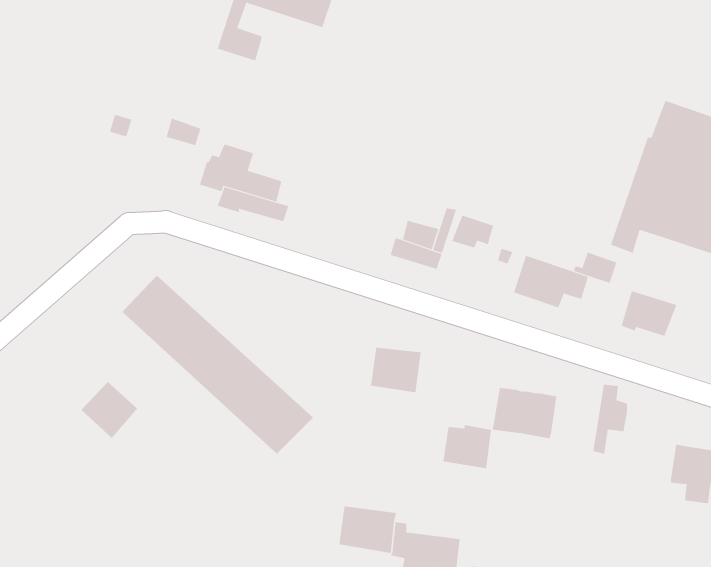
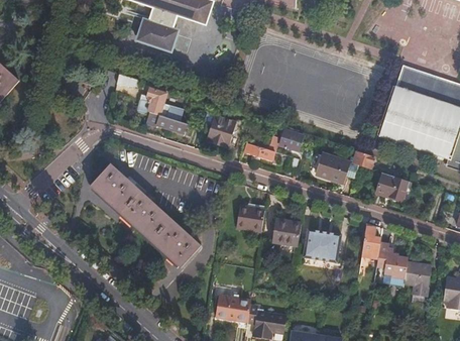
building: none -> [207,114,236,147]
building: [80,381,138,439] -> none
building: none -> [376,242,408,280]
building: [443,425,492,469] -> [271,219,300,244]

